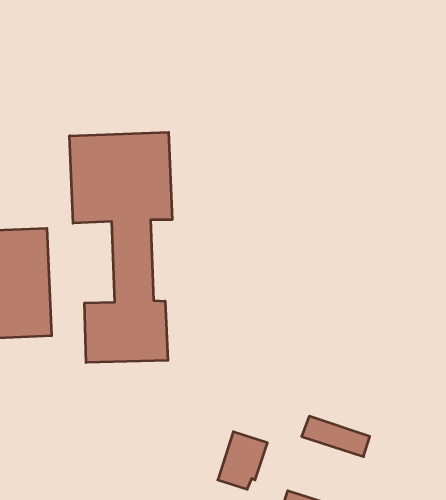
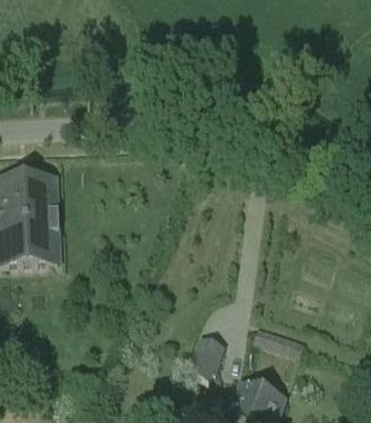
building: [70,132,172,363] -> none

